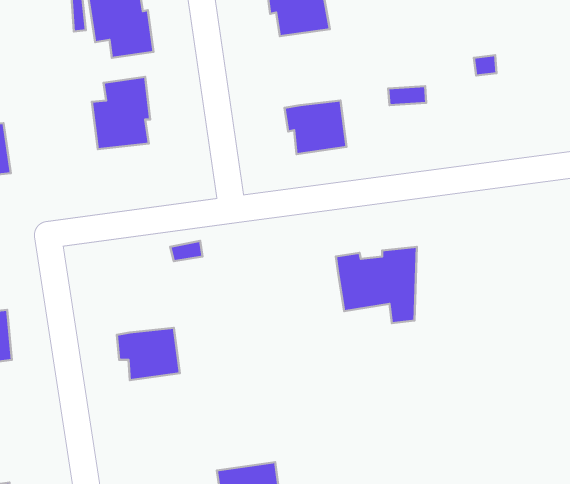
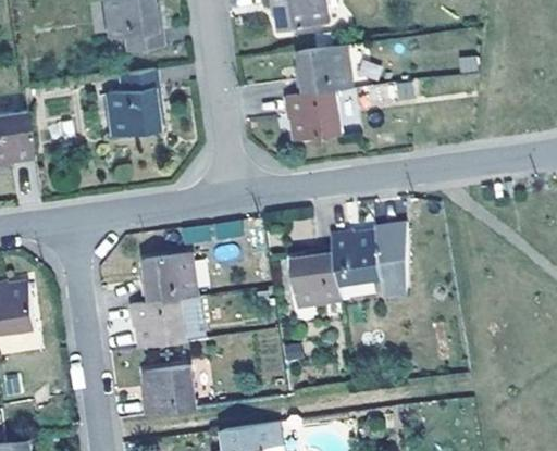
building: none -> [295,47,349,97]
building: none -> [290,250,339,304]
building: none -> [140,254,194,304]
building: none -> [143,367,195,416]

